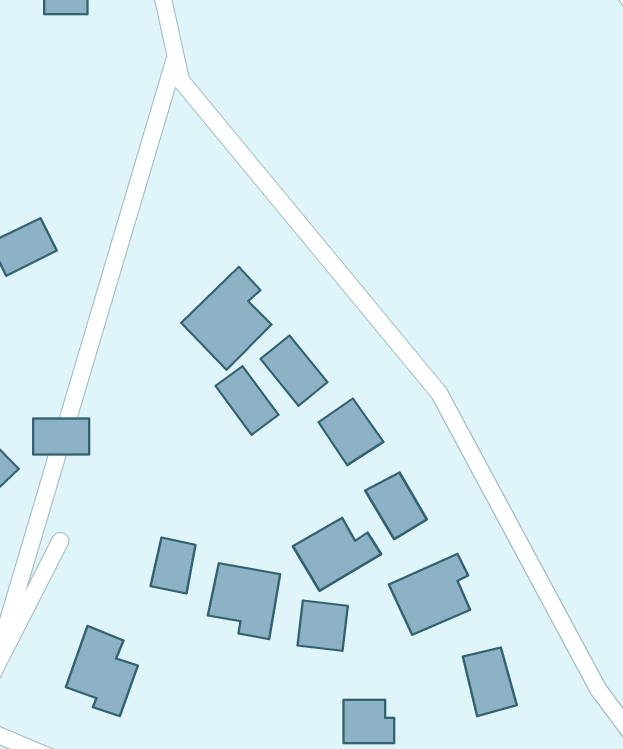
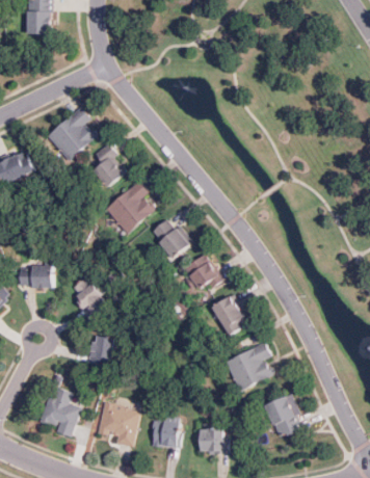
building: none -> [46,106,96,159]
building: none -> [92,142,125,186]
building: [215,366,279,435] -> [71,276,107,316]
building: [293,518,381,591] -> none
building: [208,563,280,639] -> [97,402,138,446]
building: [297,600,348,651] -> [151,419,180,448]

